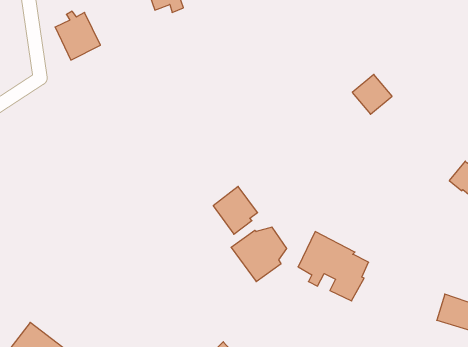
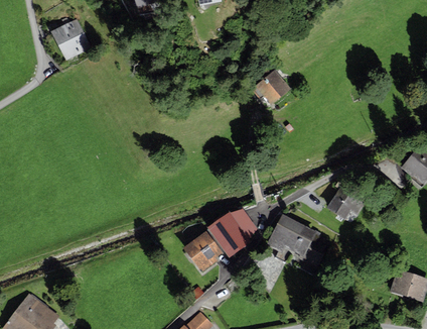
building: [352,74,392,114] -> [254,70,289,105]
building: [213,186,258,234] -> [182,230,222,272]
building: none -> [326,180,361,218]

